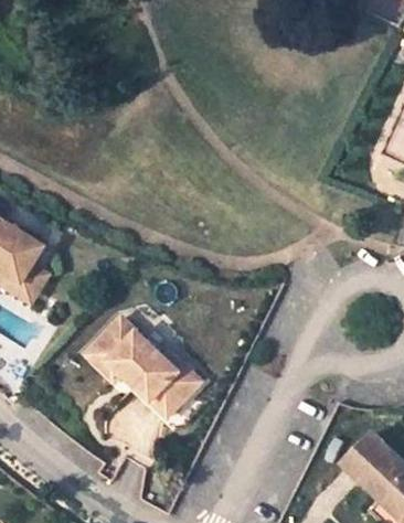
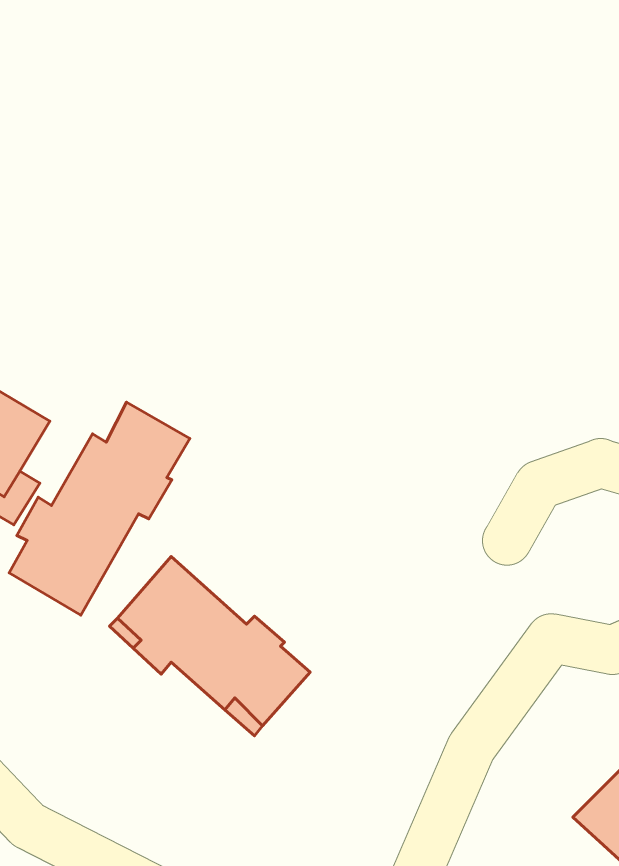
building: none -> [9,402,190,615]

